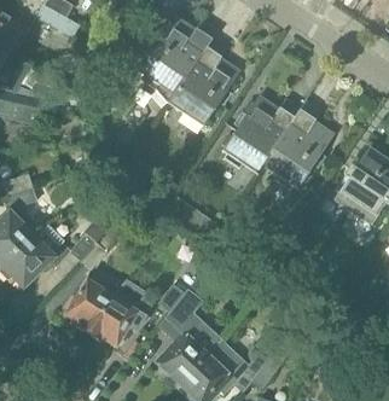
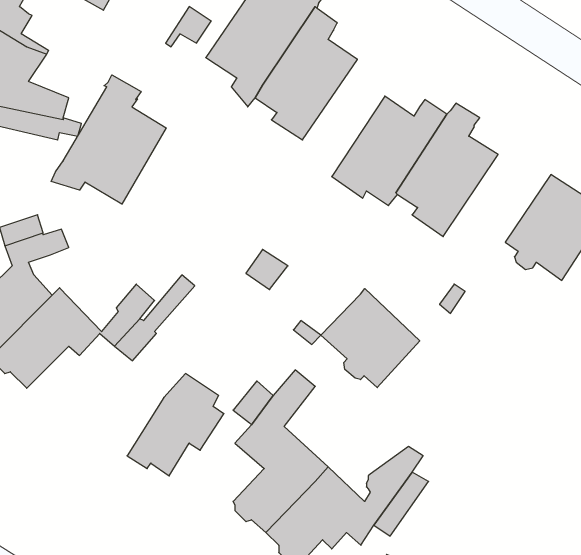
building: none -> [51,75,166,204]
building: none -> [321,289,420,388]
building: [64,279,111,333] -> none

